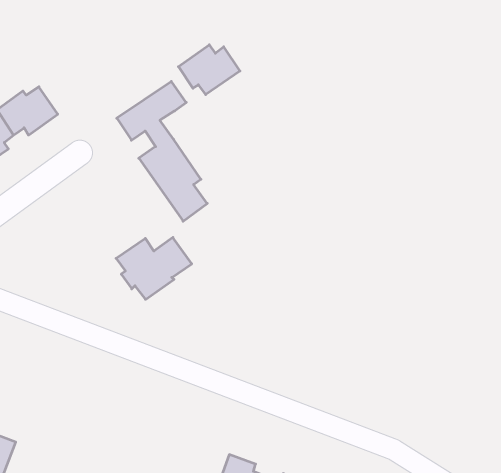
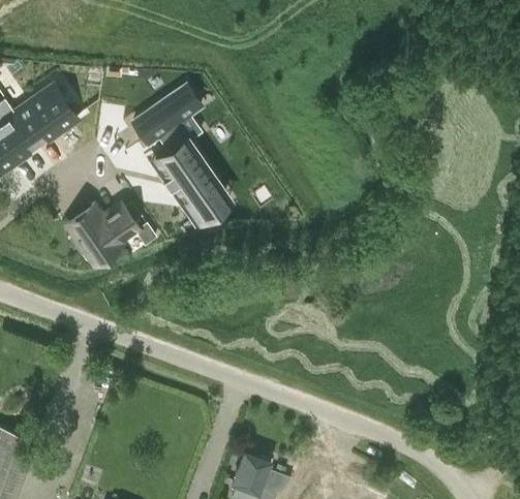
building: [178,45,240,95] -> none
building: [116,237,192,299] -> [65,204,140,264]

